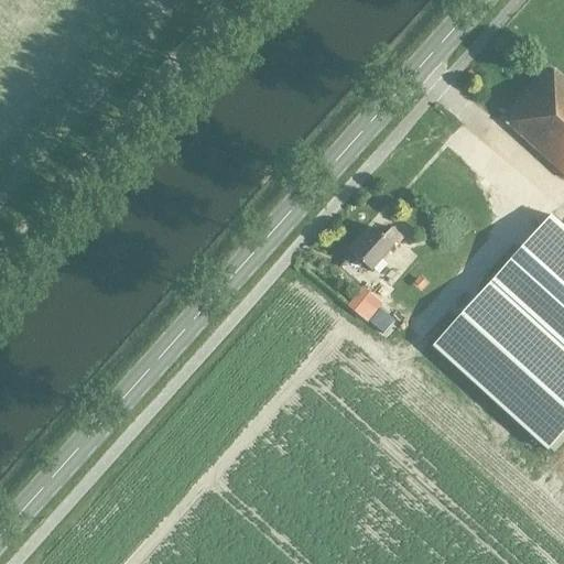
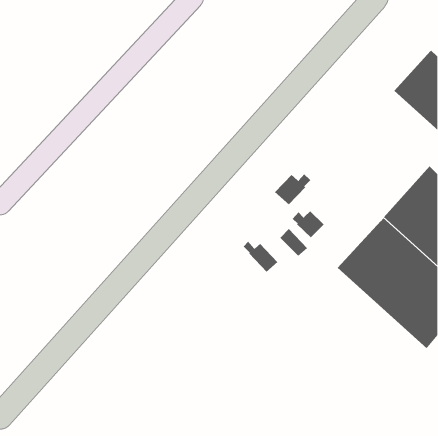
building: none -> [292,211,325,238]
building: none -> [243,241,278,272]

